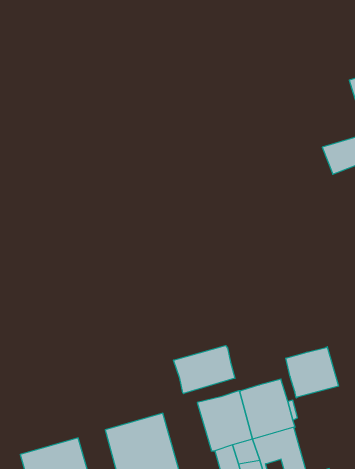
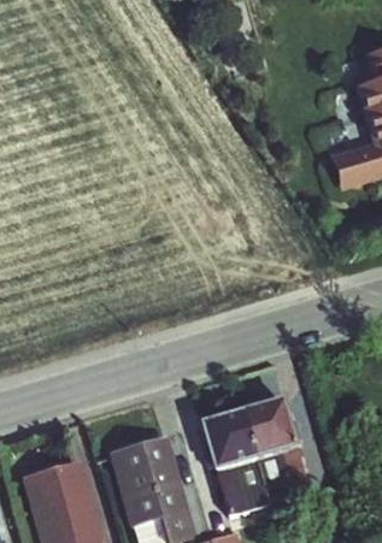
building: [174,346,235,394] -> none
building: [286,347,339,398] -> none

